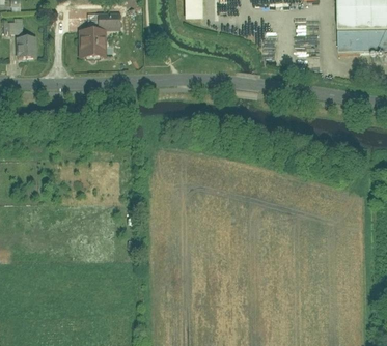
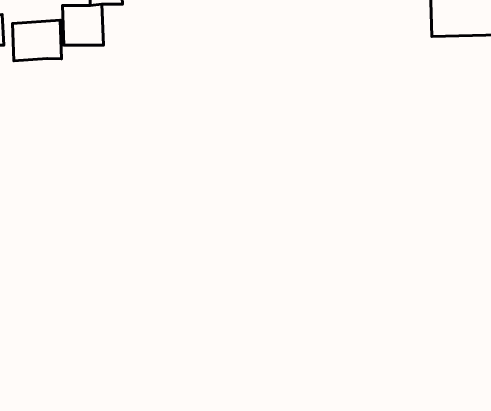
building: none -> [12,20,62,61]

